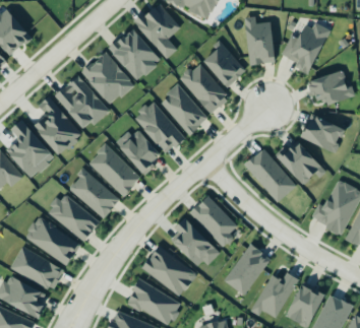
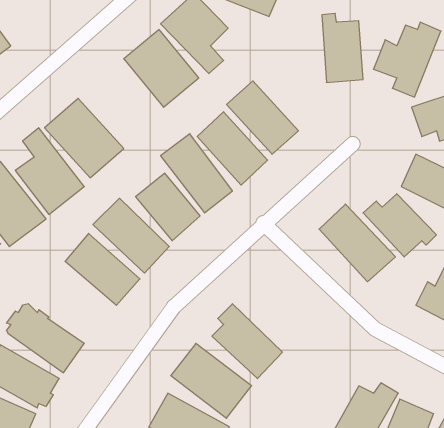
building: [203,44,246,87] -> none
building: [81,51,134,106] -> none
building: [48,192,100,242] -> none
building: [191,195,237,248] -> none
building: [225,244,272,296] -> none

